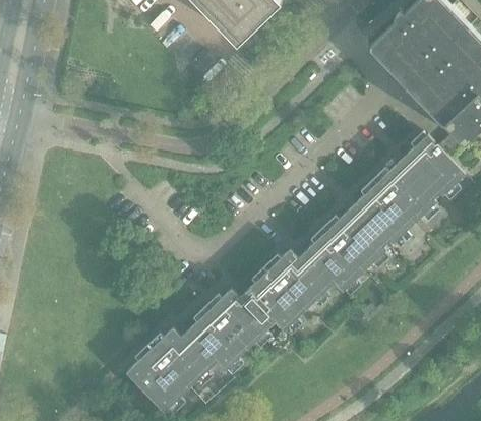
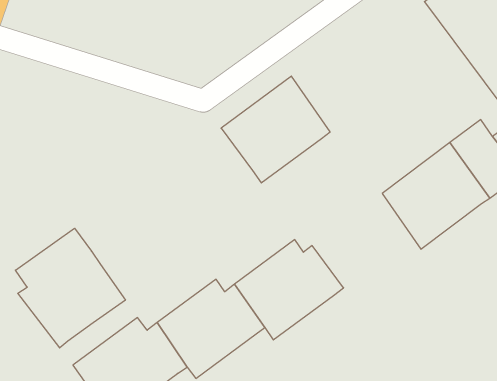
building: [303,202,390,291] -> [221,76,330,183]
building: none -> [15,228,125,348]

